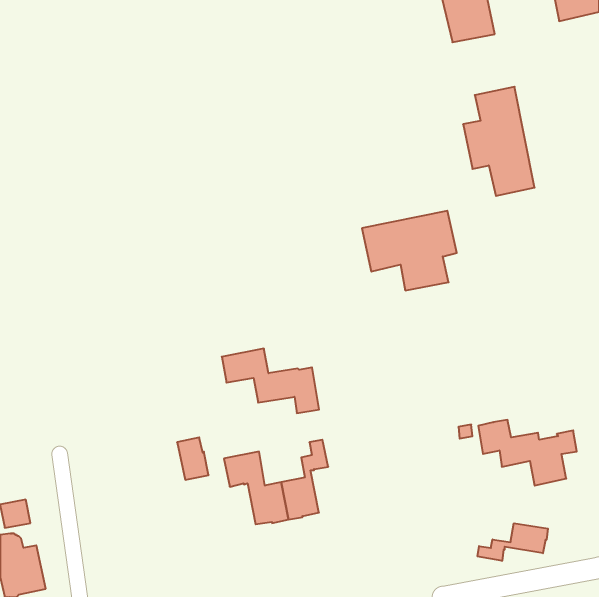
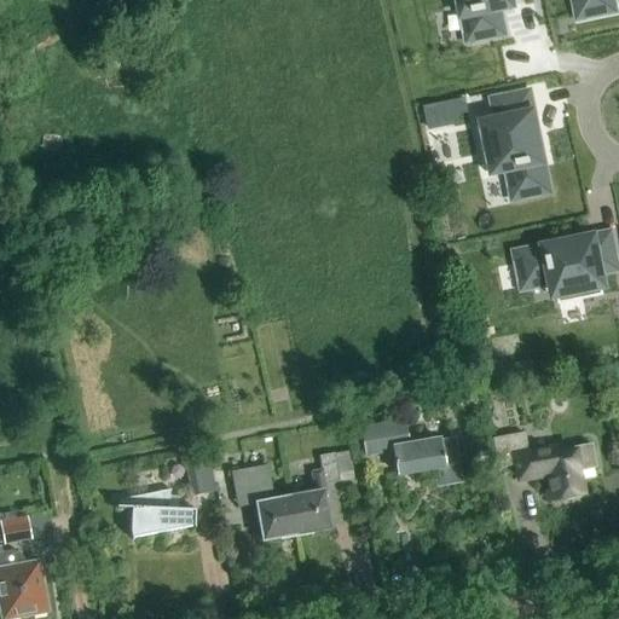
building: none -> [424,99,468,131]
building: [362,211,457,290] -> [515,220,613,302]
building: [222,349,319,413] -> [360,420,461,486]
building: none -> [118,488,195,537]
building: [478,523,548,561] -> none

